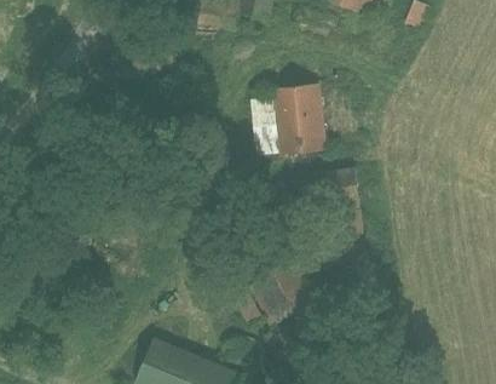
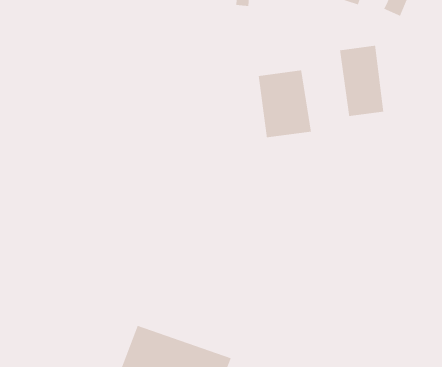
building: none -> [339,45,384,117]

